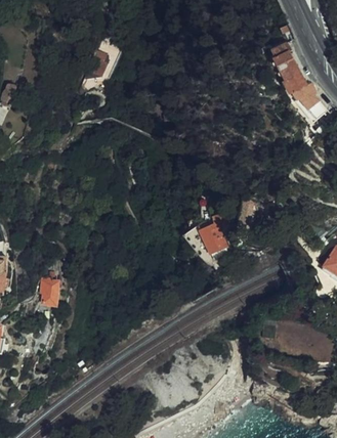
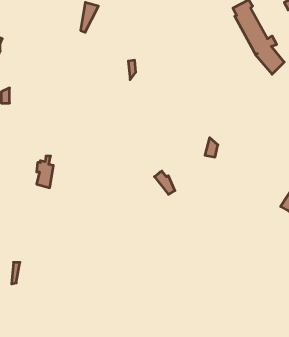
building: [200,223,227,254] -> none
building: [41,270,59,305] -> [37,156,53,188]

